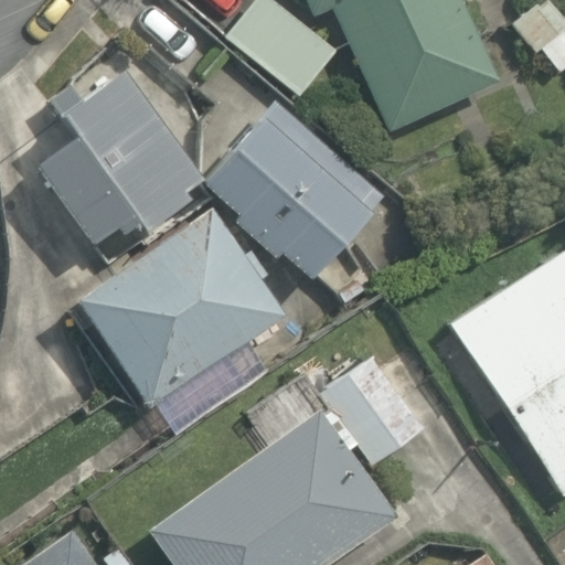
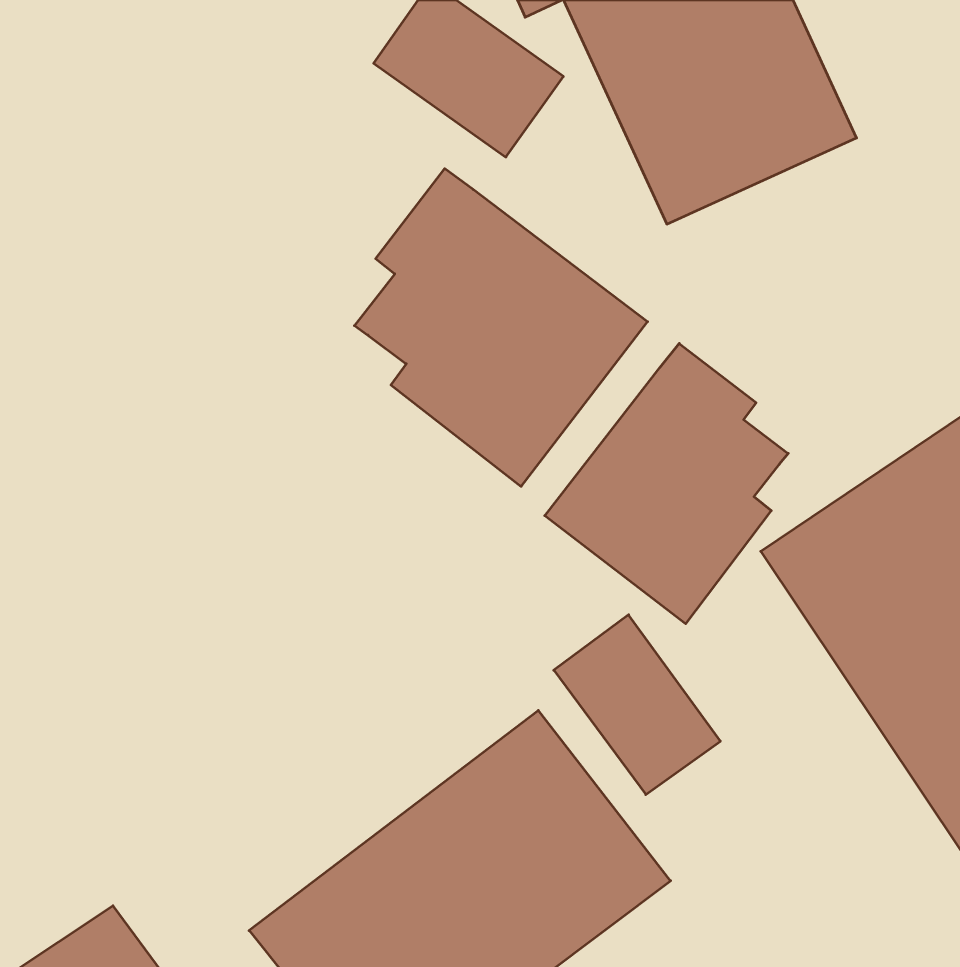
building: [36,53,232,247] -> none
building: none -> [545,343,788,624]
building: [81,207,277,404] -> none

